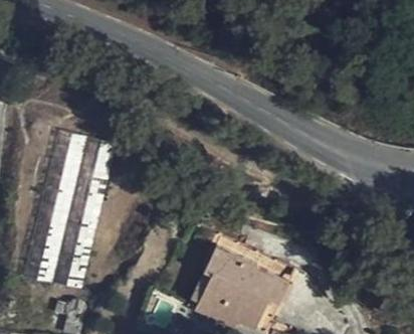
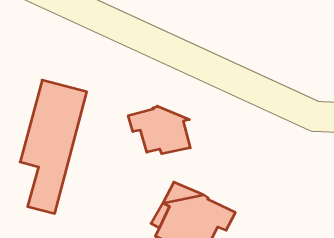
building: none -> [128,106,190,154]

